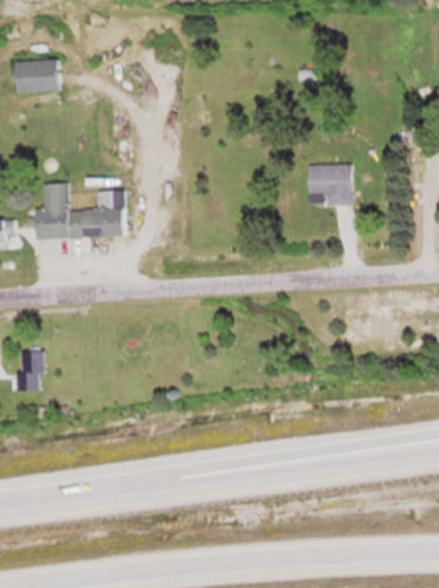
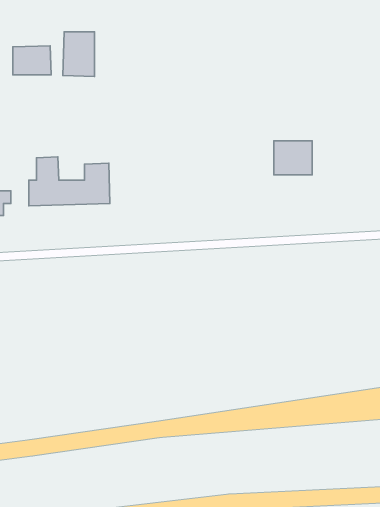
building: none -> [63,32,95,77]
building: [14,351,43,389] -> none

